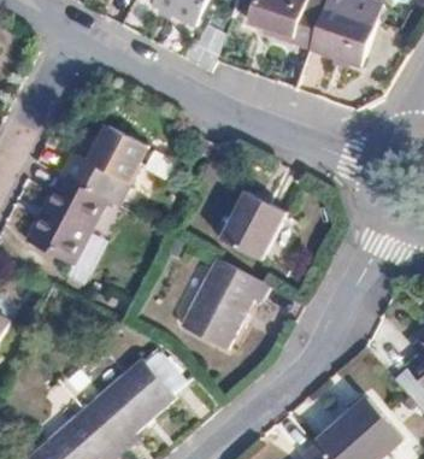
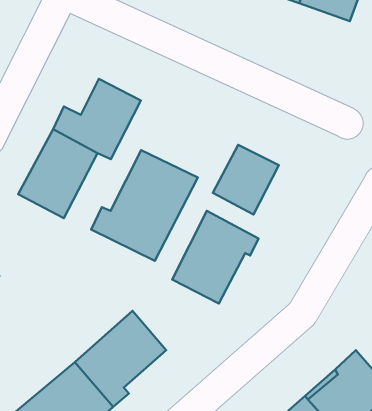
building: none -> [91,150,198,261]

